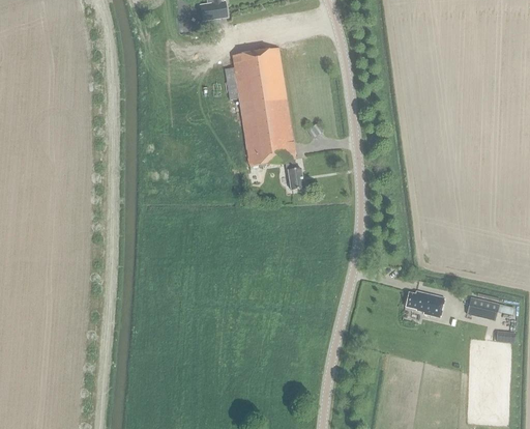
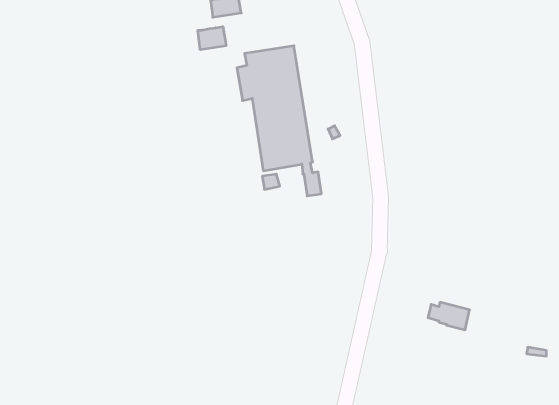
building: none -> [198,27,226,50]
building: [466,295,498,319] -> none

